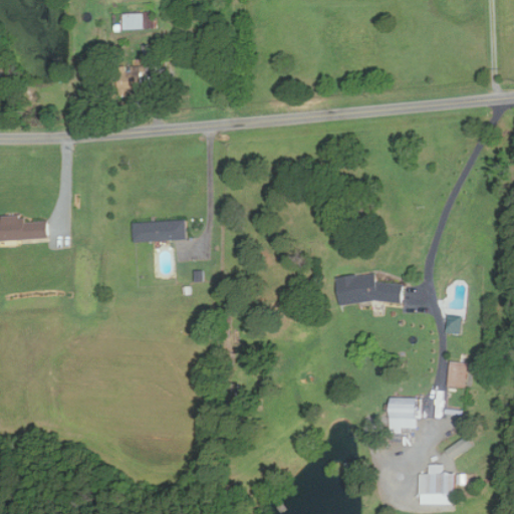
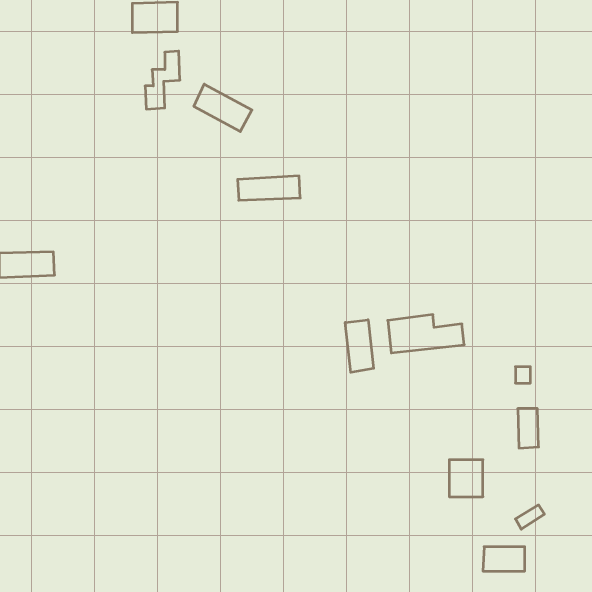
building: none -> [194,84,252,132]
building: [132,220,186,241] -> [238,176,300,200]
building: none -> [345,320,374,372]

